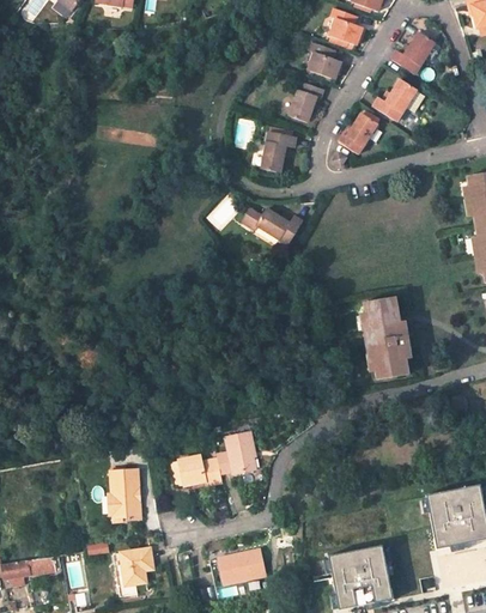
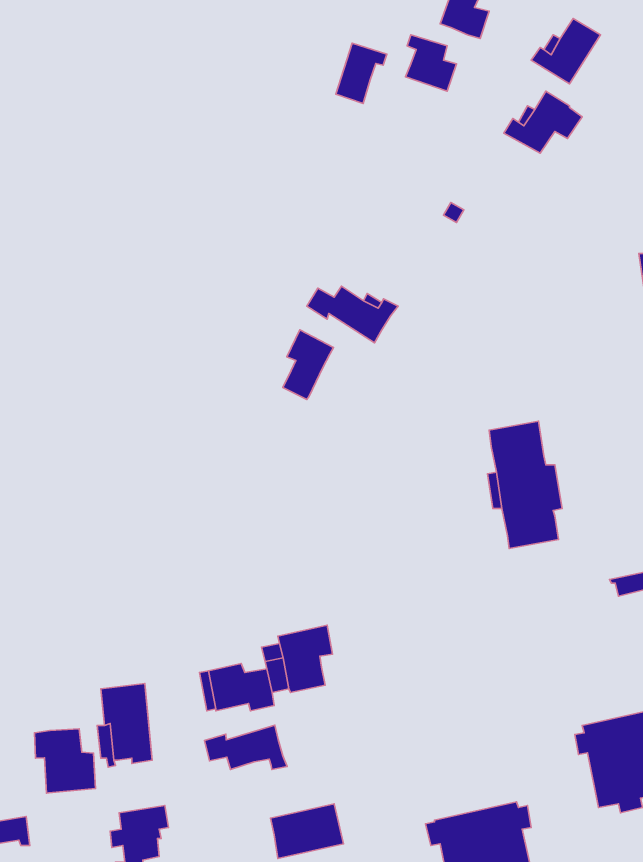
building: [290,81,323,121] -> [336,43,387,103]
building: [338,113,377,153] -> none
building: [261,132,296,171] -> none
building: none -> [283,330,334,400]
building: none -> [204,725,287,769]
building: none -> [34,729,95,793]

